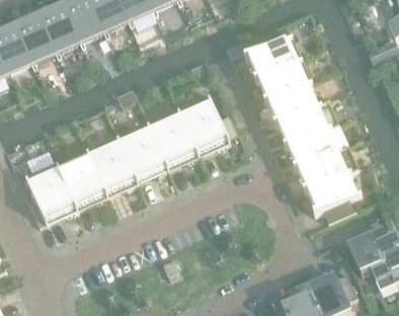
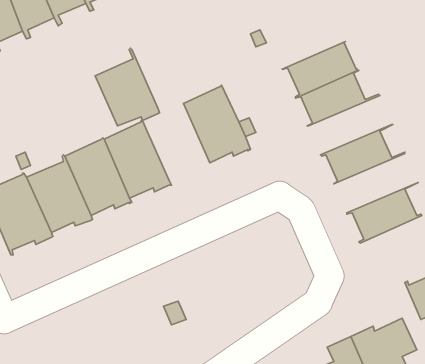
building: [243,34,302,79] -> none
building: [273,99,337,145] -> none
building: [149,104,198,164] -> [95,48,160,126]
building: [293,144,357,189] -> none

